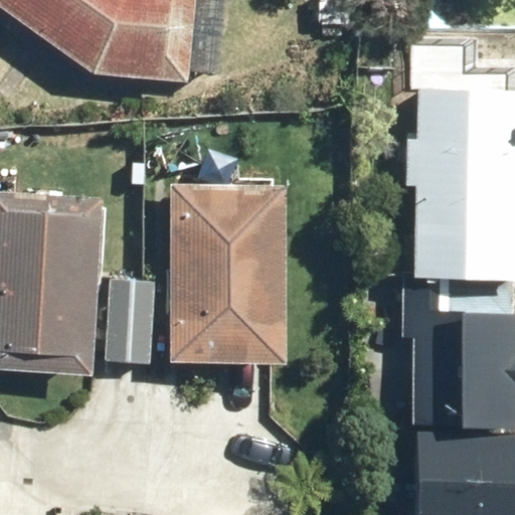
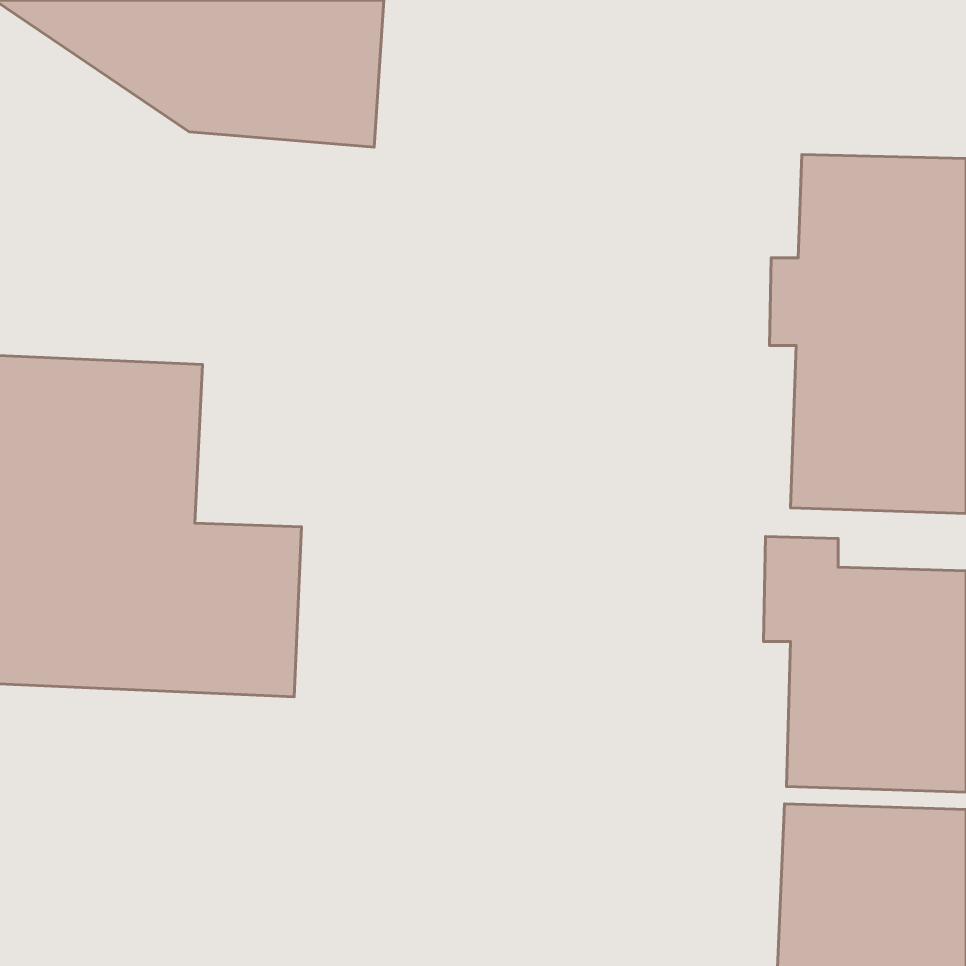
building: [169,182,288,358] -> none

